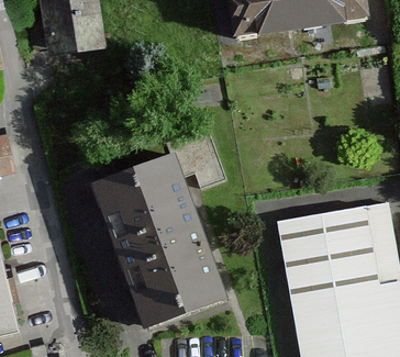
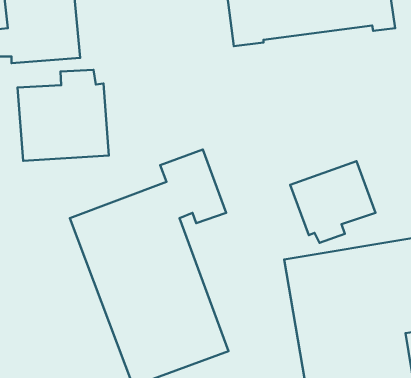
building: none -> [17,70,109,161]
building: none -> [290,161,375,243]

